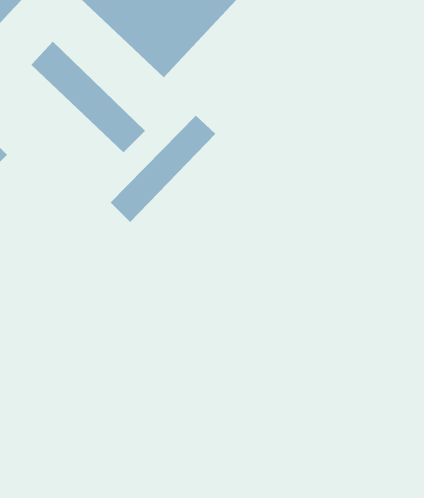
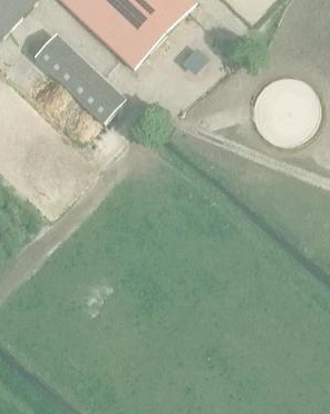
building: [110,115,216,223] -> none

